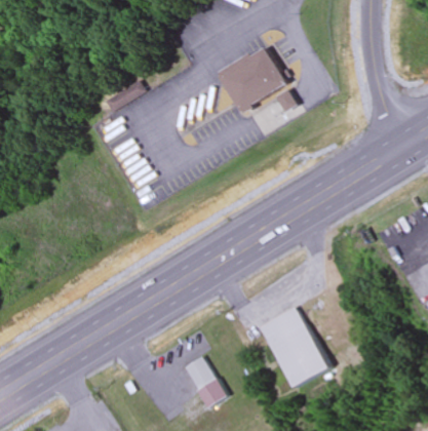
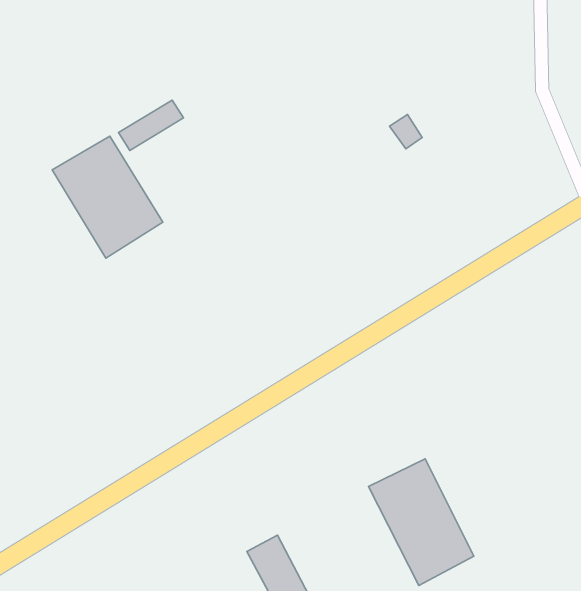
building: [219,44,288,112] -> none
building: none -> [52,136,163,258]

